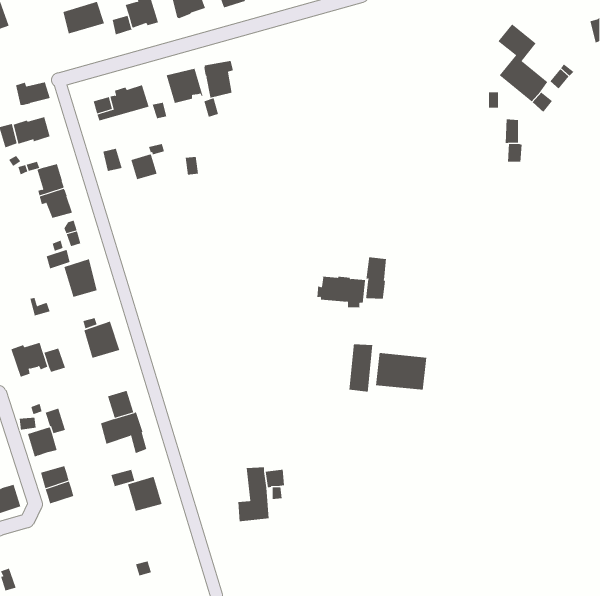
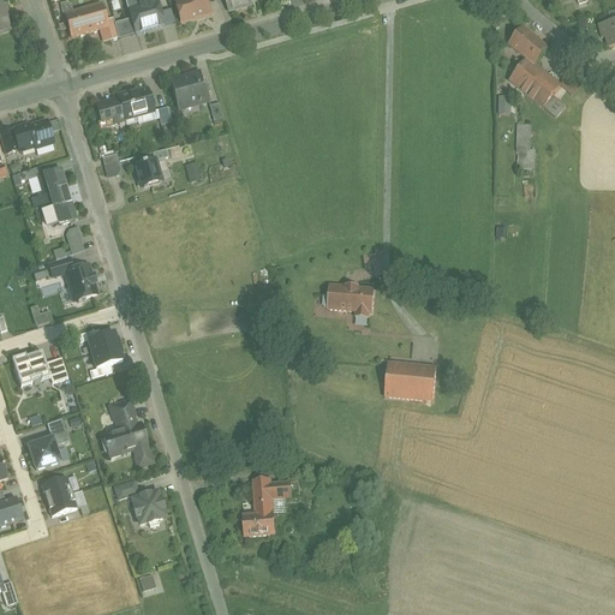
building: [203,60,233,99] -> none
building: [16,81,50,106] -> none
building: [366,257,387,300] -> none
building: [349,343,373,393] -> none

